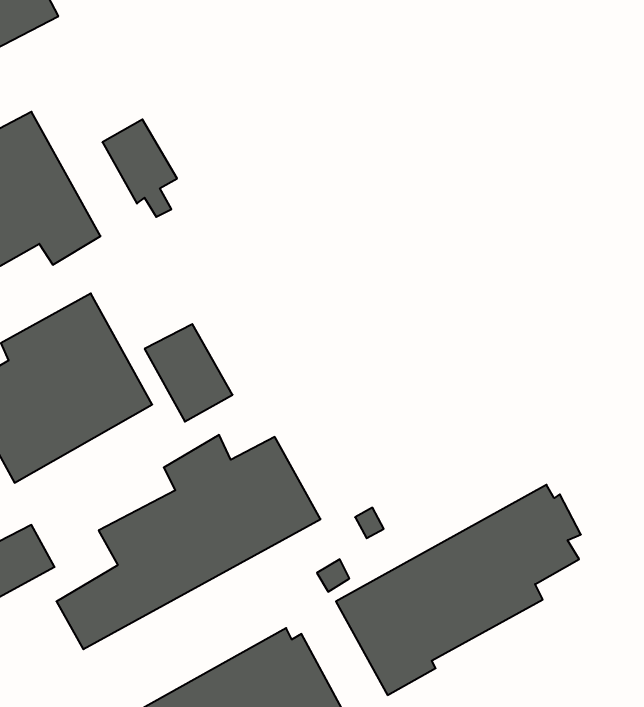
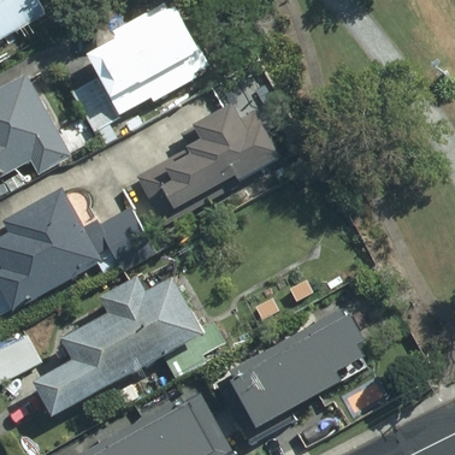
building: none -> [89,8,207,112]
building: none -> [136,102,283,223]

